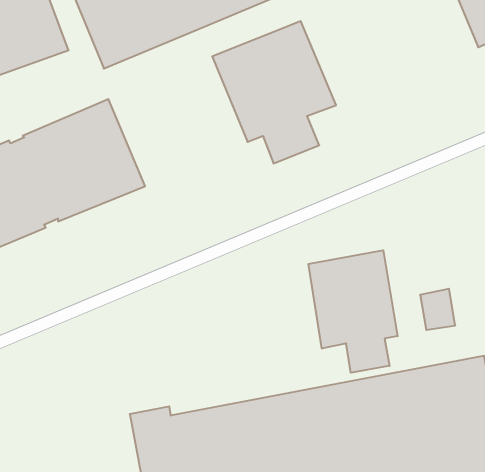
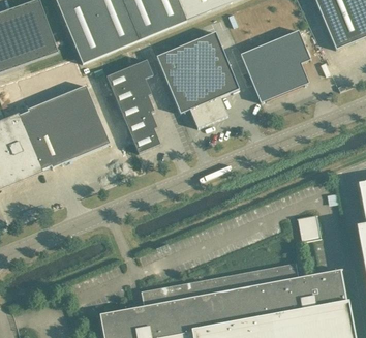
building: none -> [241,29,311,101]
building: none -> [106,59,160,152]
building: [308,250,398,373] -> none

